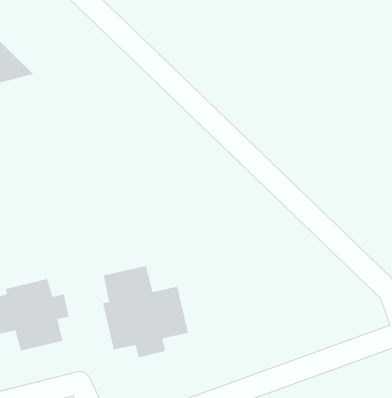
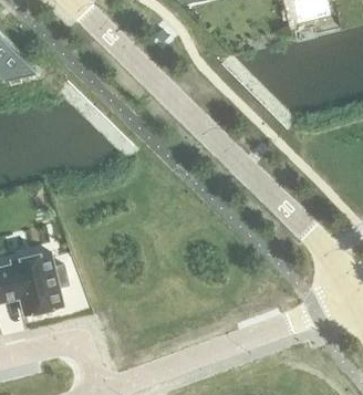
building: [102,265,189,358] -> none

